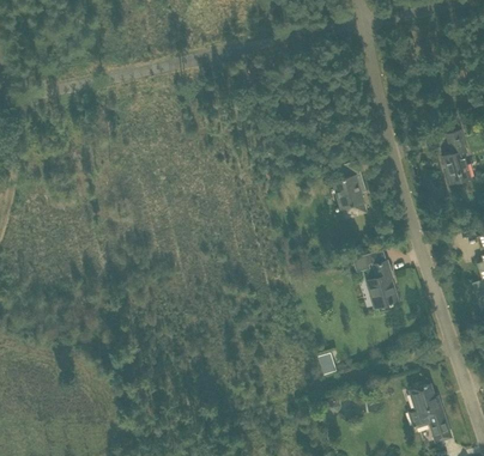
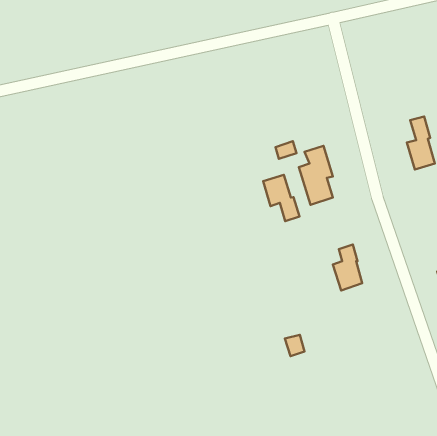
building: none -> [263,175,299,221]
building: [407,383,450,440] -> none

